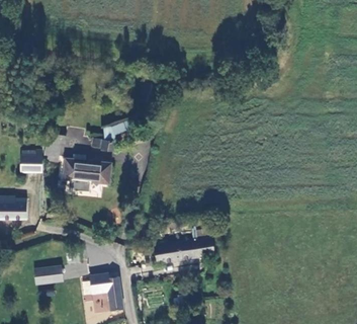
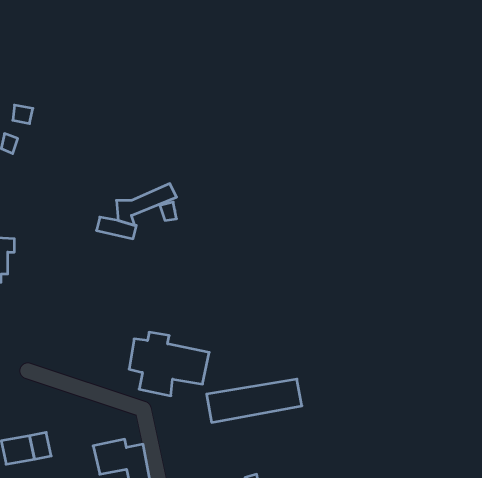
building: [61,153,109,191] -> [129,332,209,396]

